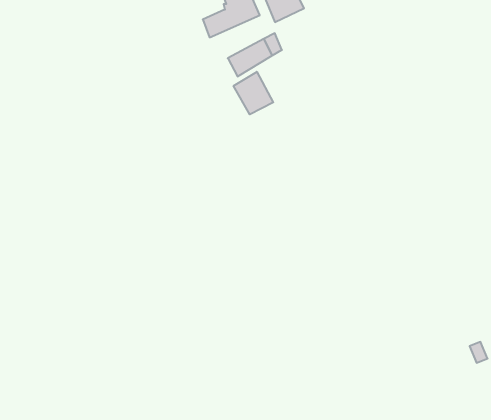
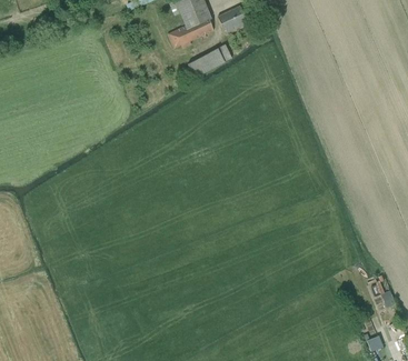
building: [234,72,273,114] -> none

